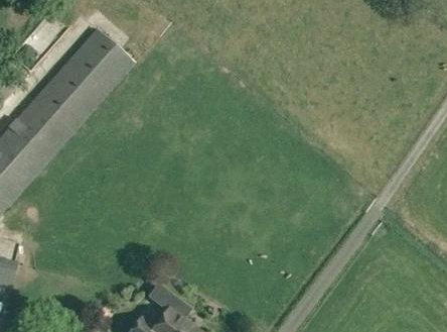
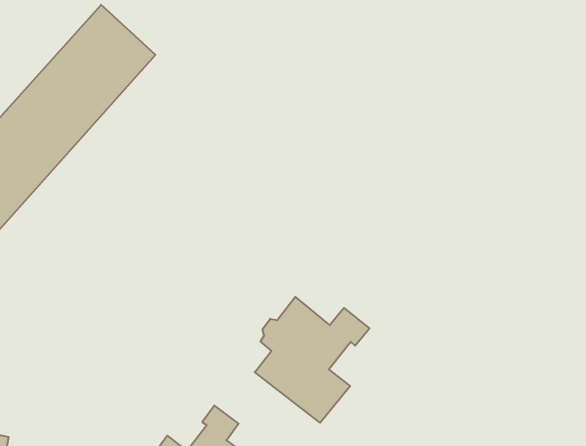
building: none -> [255,297,369,423]

